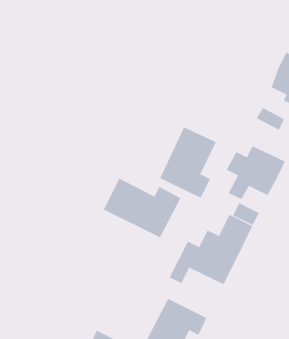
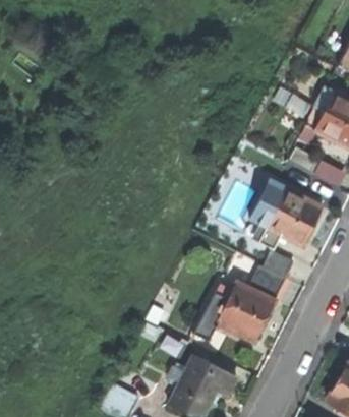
building: [160,126,217,199] -> none
building: [103,178,181,238] -> none

